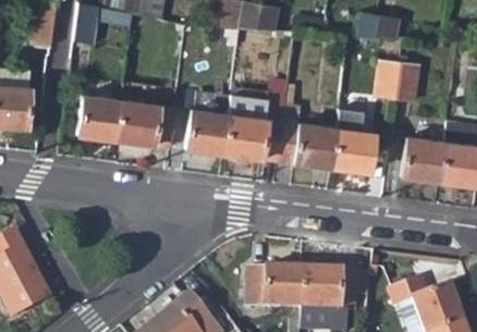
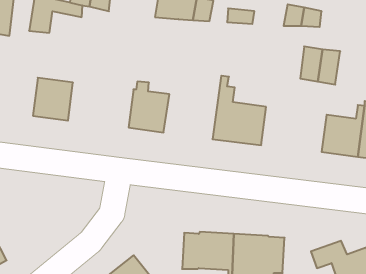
building: [222,76,288,161] -> none
building: [115,98,175,147] -> none
building: [331,108,376,172] -> none

